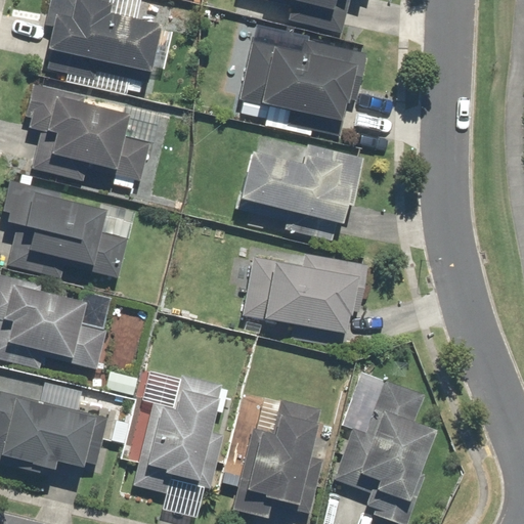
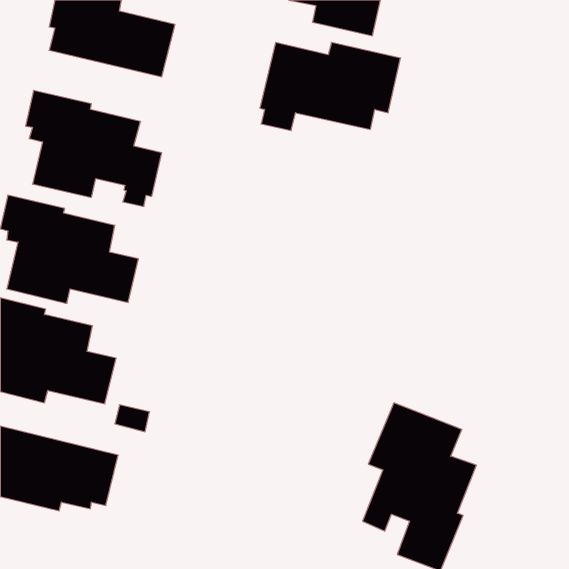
building: [239,144,364,221] -> none
building: [244,255,368,333] -> none
building: [122,370,229,493] -> none
building: [224,395,323,517] -> none

